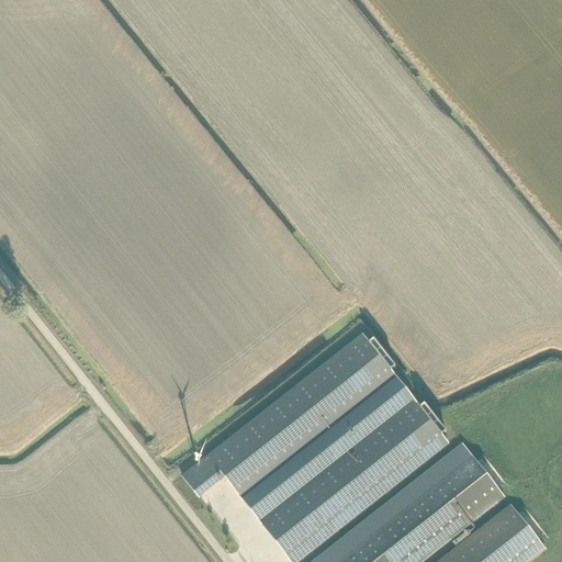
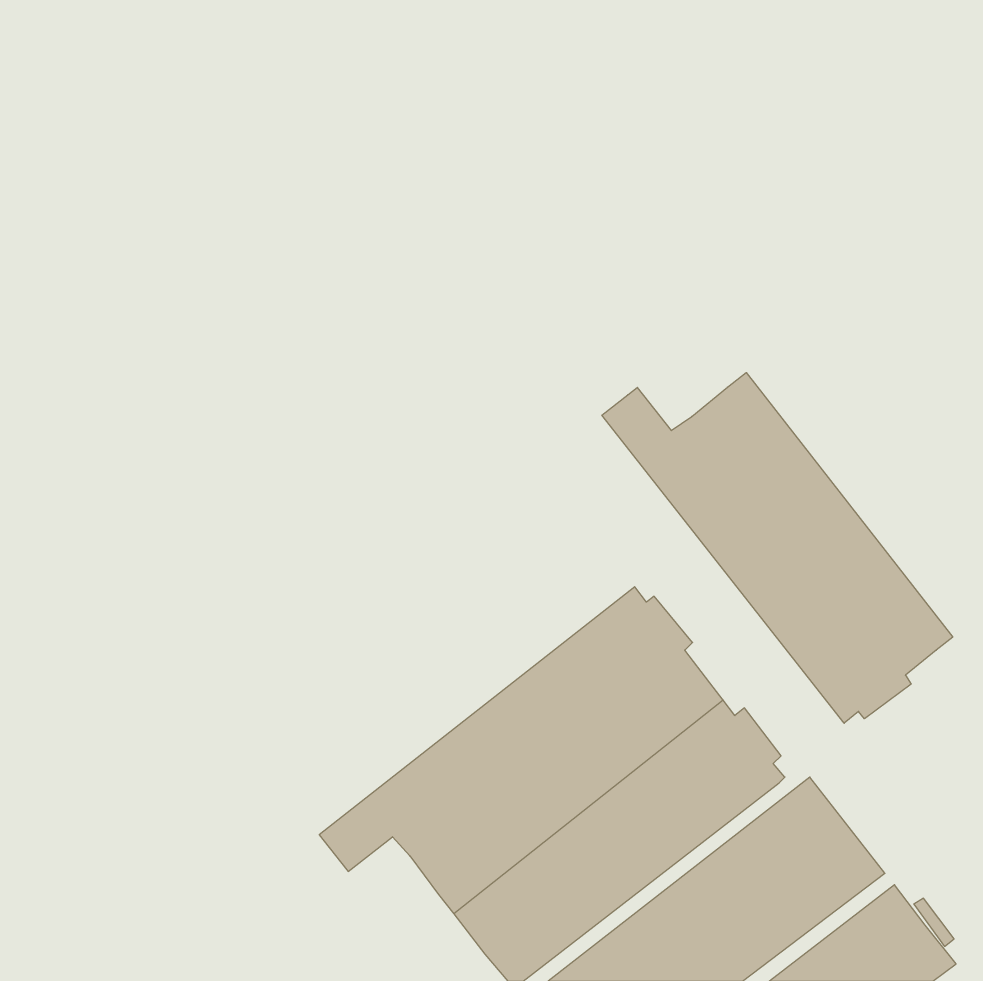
building: none -> [602,373,953,723]

